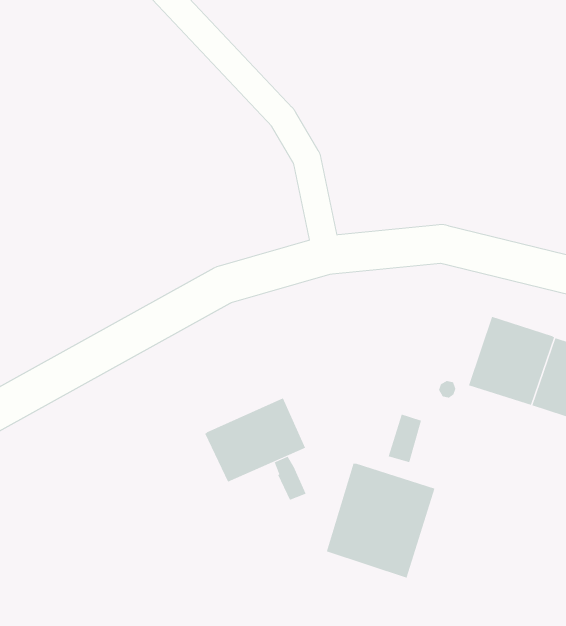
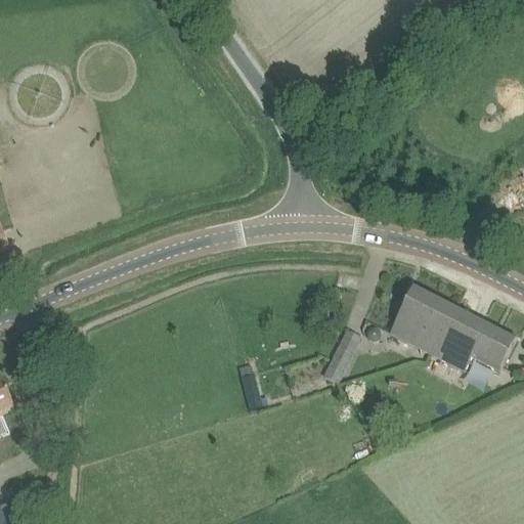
building: [205,398,306,483] -> none
building: [326,463,435,579] -> none

